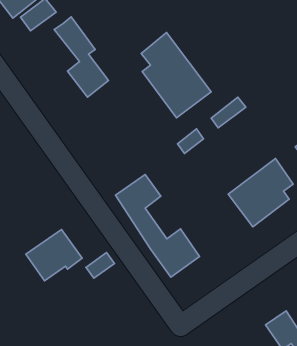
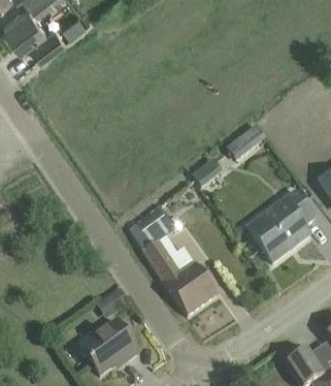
building: [54,17,109,97] -> none
building: [141,32,211,118] -> none
building: [26,230,82,281] -> [79,319,138,373]

